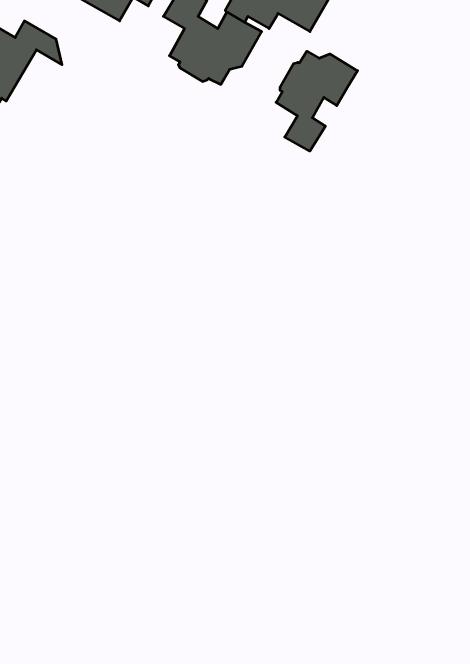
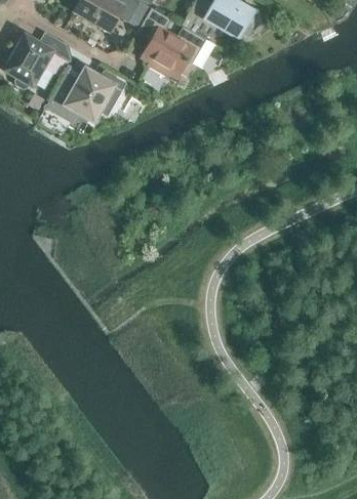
building: [276,51,358,151] -> none
building: none -> [46,71,124,121]

